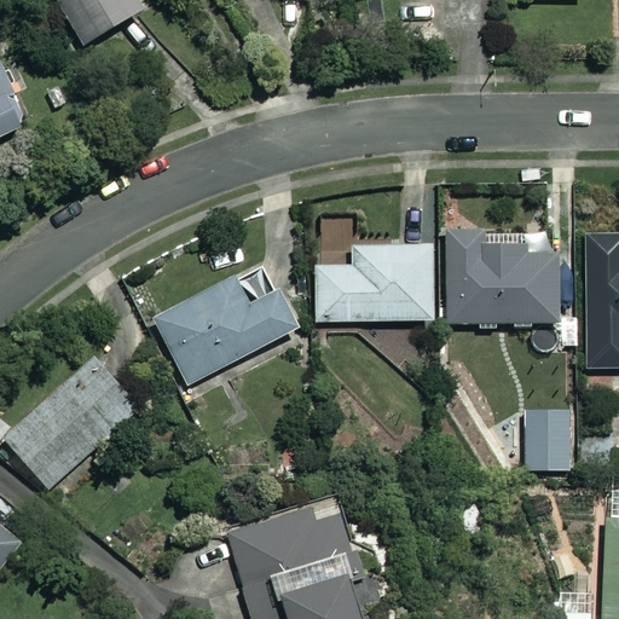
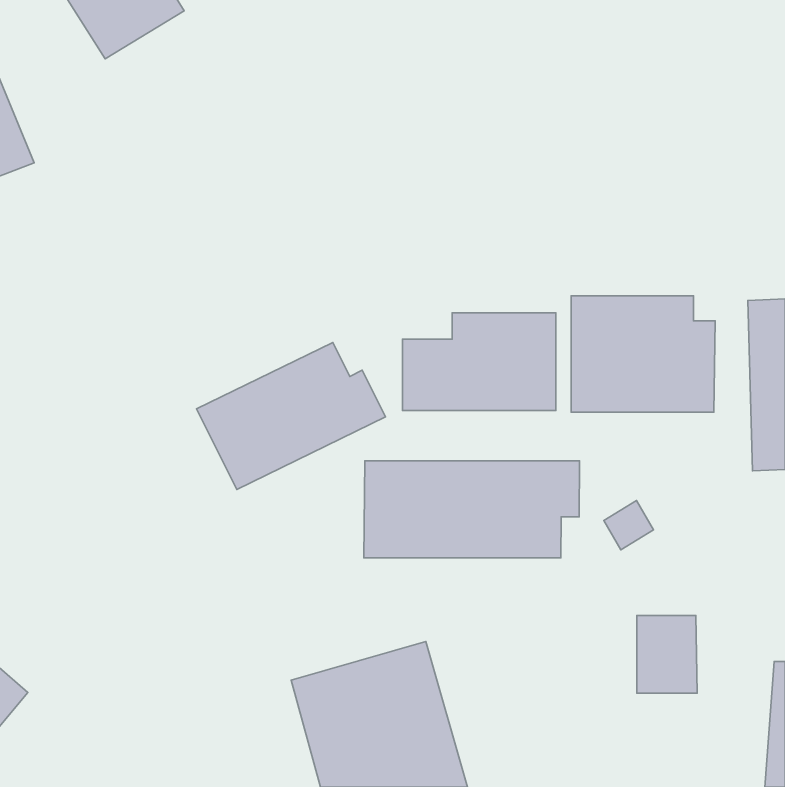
building: [5,357,141,488] -> none
building: none -> [364,461,580,558]
building: [522,409,569,469] -> [637,616,697,693]

